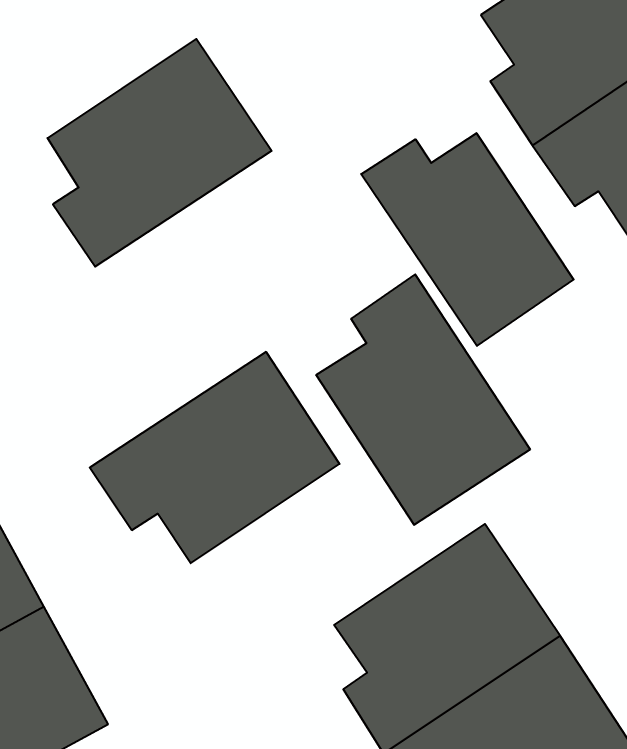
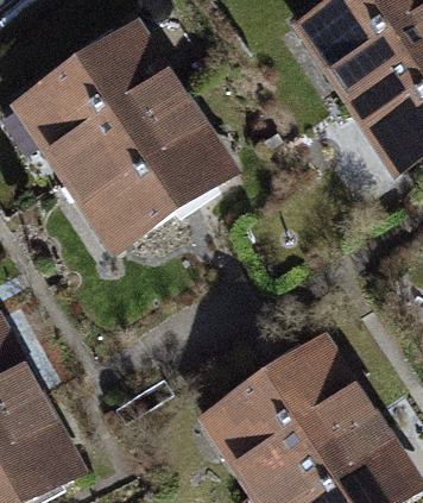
building: [361,133,574,346] -> none
building: [316,274,530,525] -> none
building: [90,352,340,563] -> [70,99,232,235]

